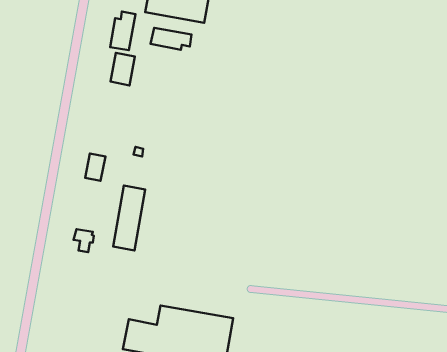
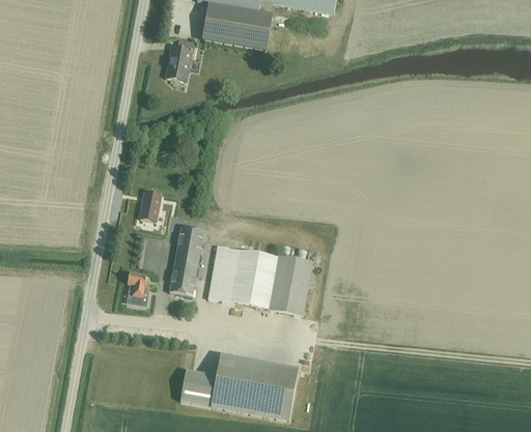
building: [151,28,192,50] -> none
building: [110,53,135,85] -> none
building: none -> [207,244,313,314]

